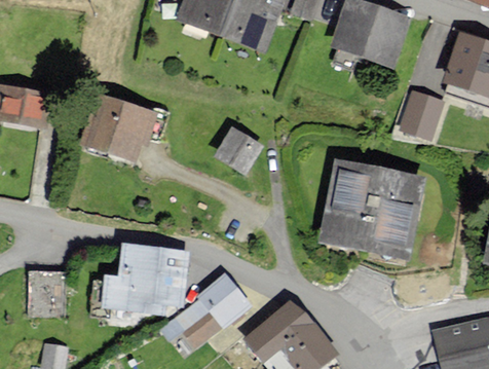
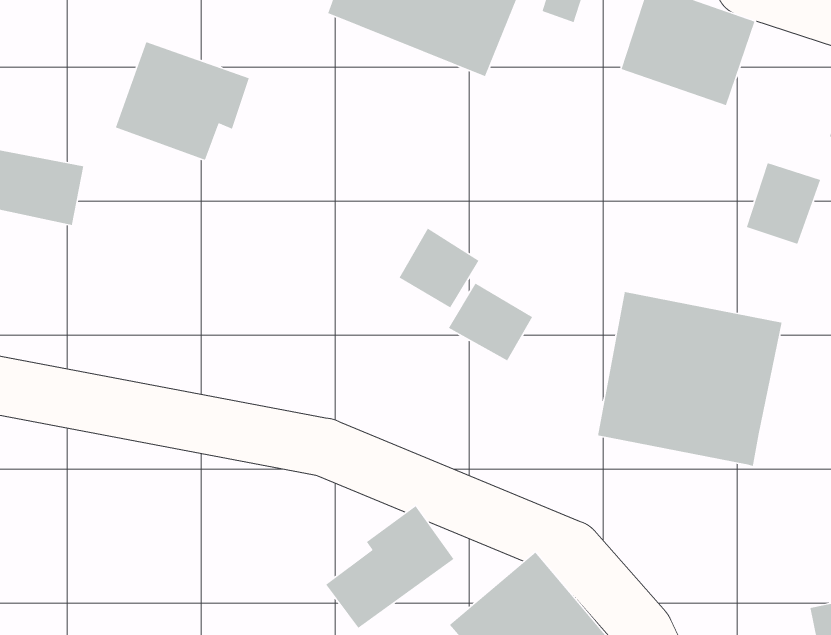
building: [84,95,156,158] -> [115,41,250,161]
building: none -> [448,282,533,361]
building: [103,244,187,312] -> none
building: [29,272,64,316] -> none

